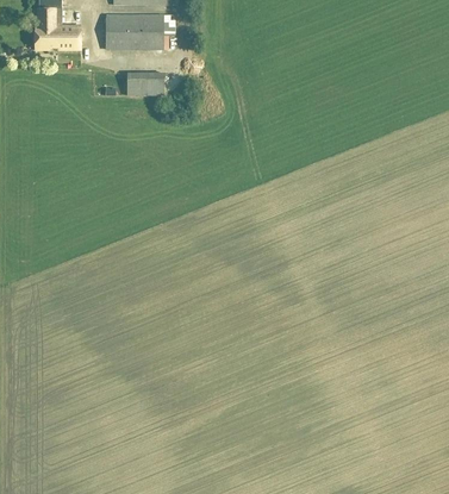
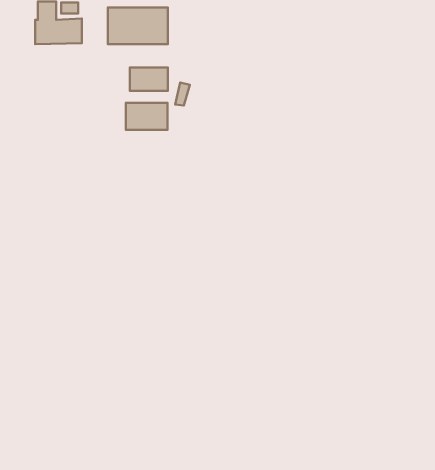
building: none -> [126,103,167,130]

